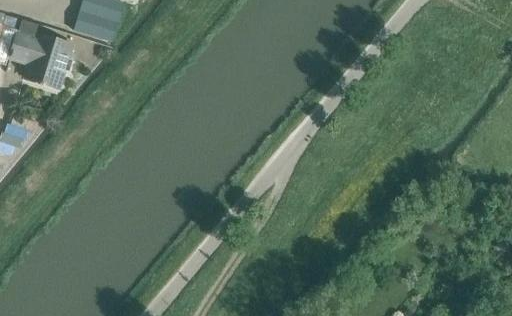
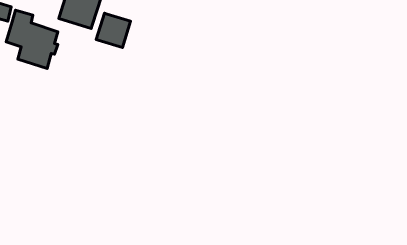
building: none -> [96,13,131,48]

